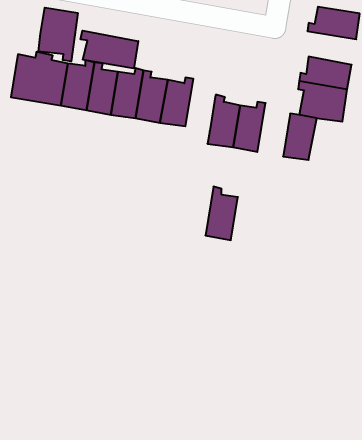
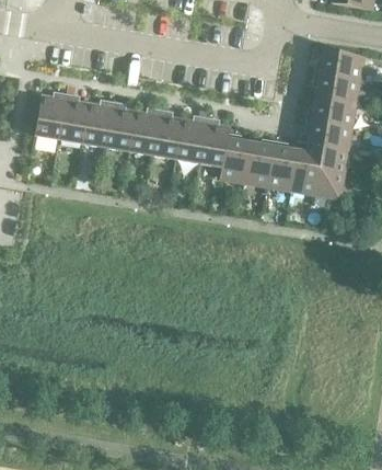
building: [38,8,78,62] -> none
building: [81,31,138,68] -> none
building: none -> [312,72,359,104]
building: none -> [198,117,229,167]
building: none -> [314,154,346,198]
building: [205,187,238,240] -> [266,140,297,191]

